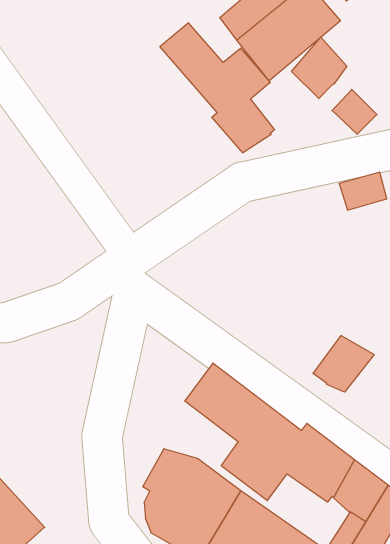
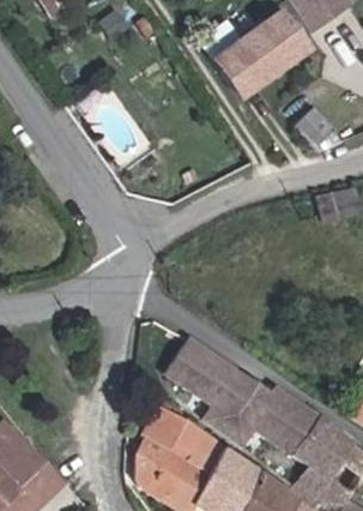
building: [160,23,274,153] -> none
building: [292,37,347,99] -> none
building: [313,335,374,392] -> none

